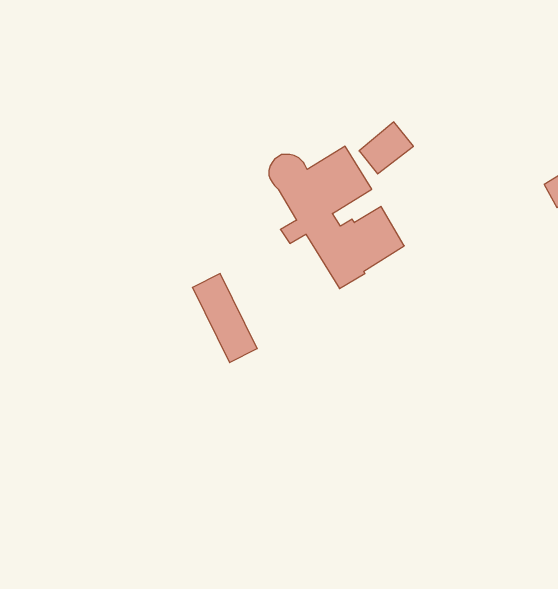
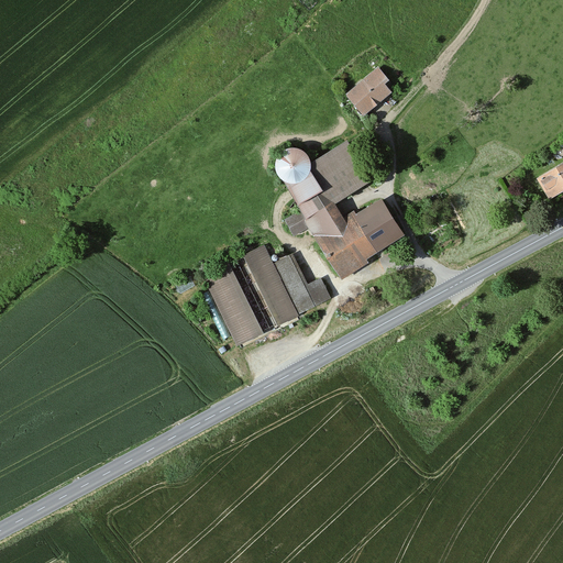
building: [359,122,413,174] -> [342,68,394,118]
building: none -> [242,244,331,325]

